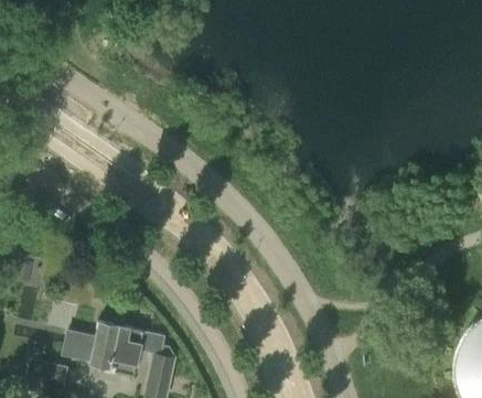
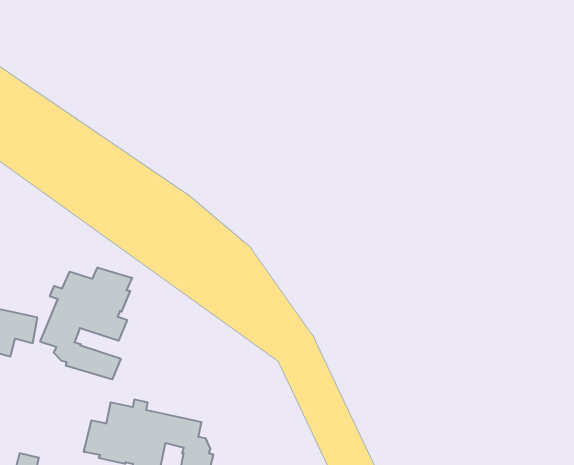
building: none -> [40,267,132,379]

